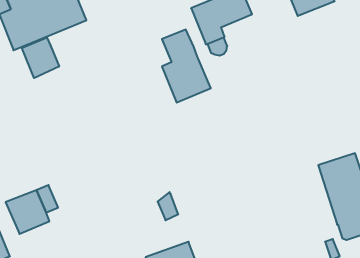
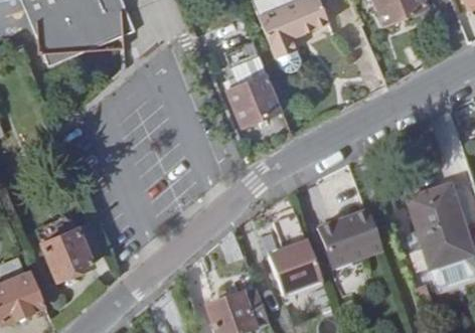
building: [22,37,59,78] -> none
building: none -> [315,210,381,271]
building: none -> [267,213,321,295]

